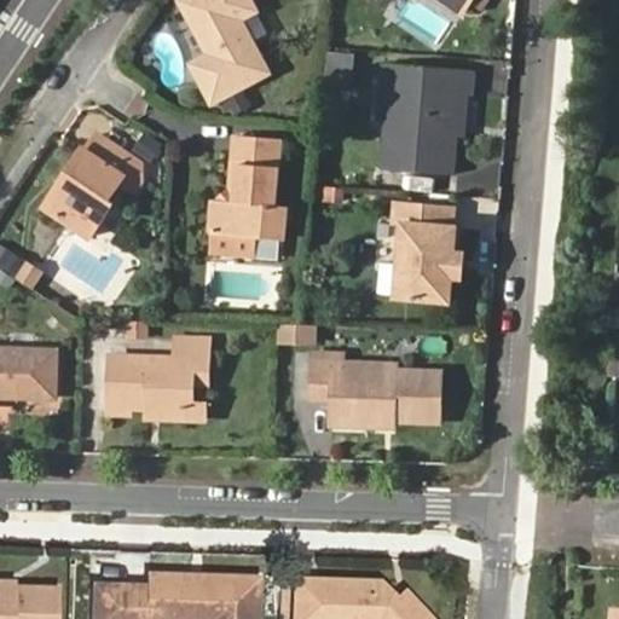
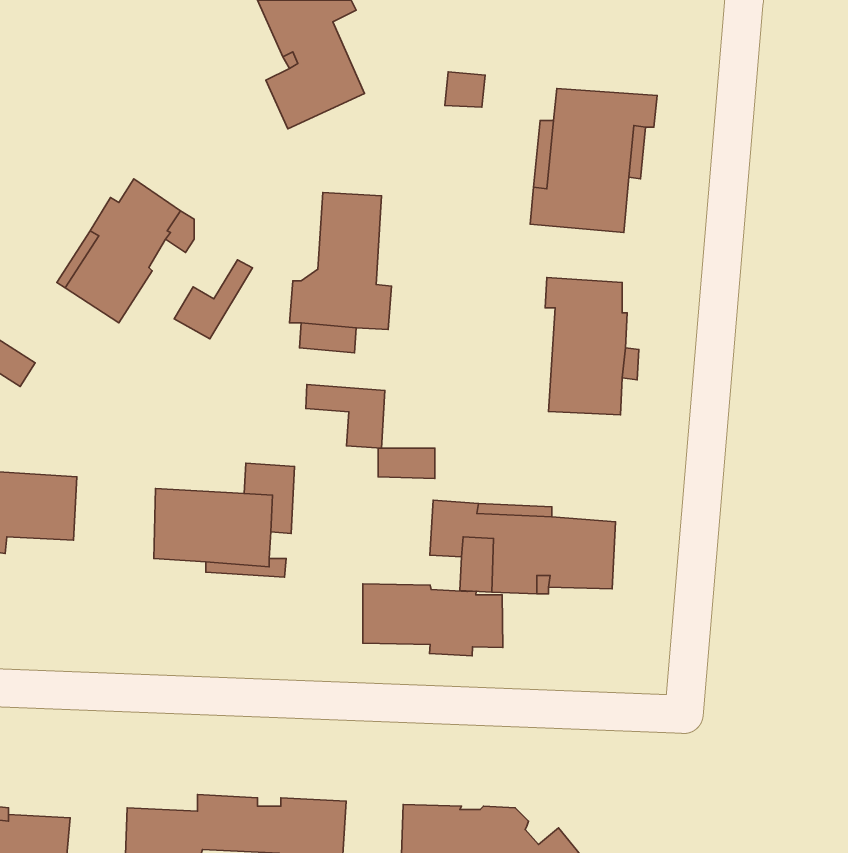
building: none -> [174,260,252,339]
building: none -> [306,385,385,448]
building: none -> [363,584,503,656]

